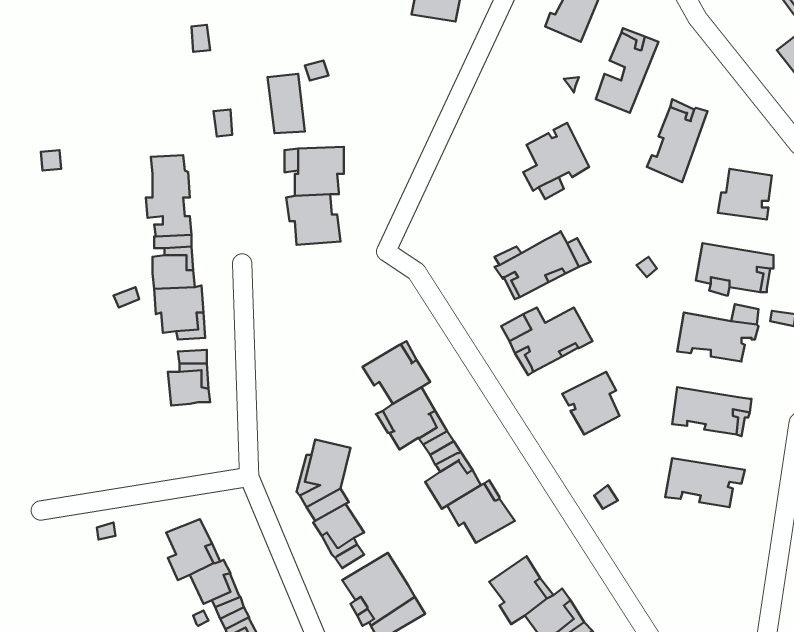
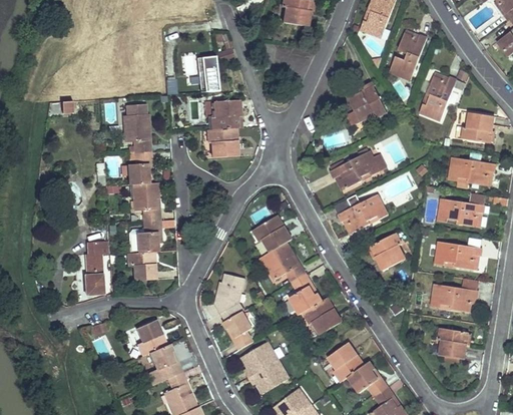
building: none -> [84,241,108,295]
building: none -> [126,252,155,280]
building: none -> [437,328,467,359]

